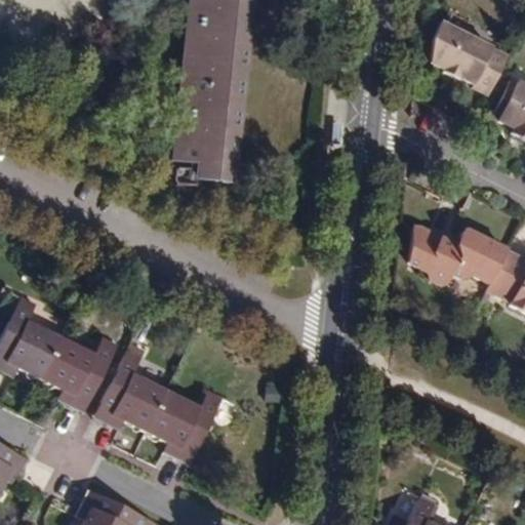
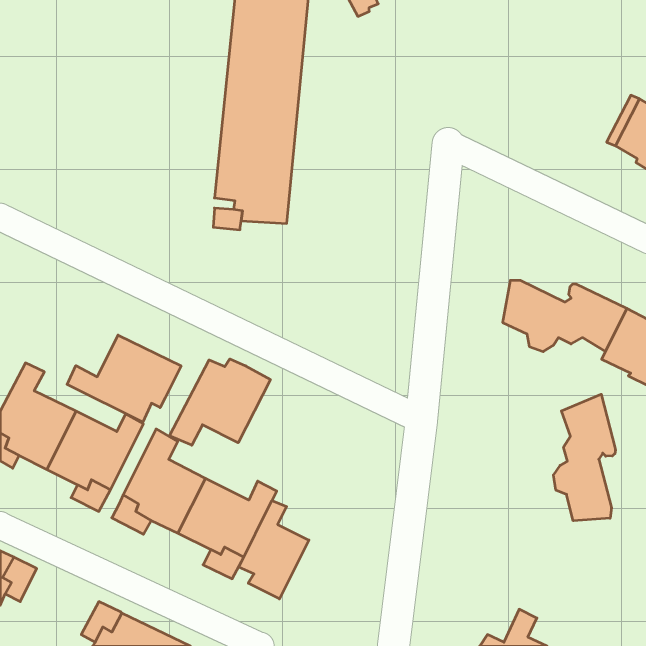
building: [432,21,510,94] -> none
building: none -> [67,335,181,422]
building: none -> [170,359,270,445]
building: none -> [553,394,615,521]
building: none -> [239,501,309,599]

